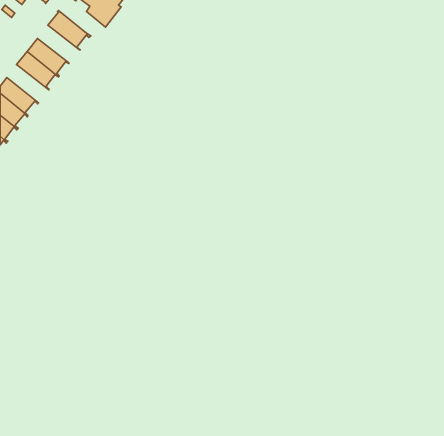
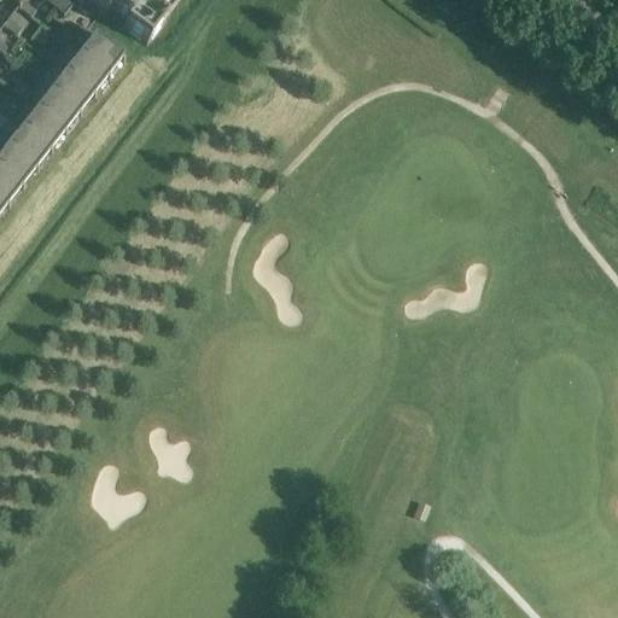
building: none -> [54,35,112,87]
building: none -> [12,89,70,142]

